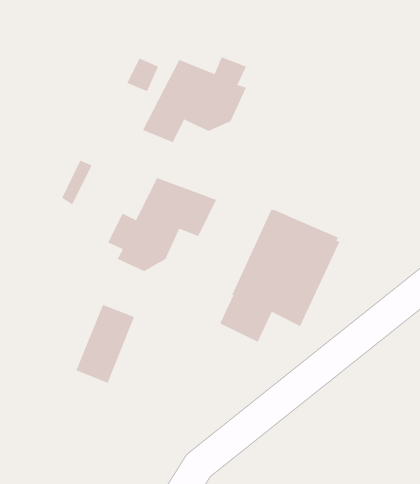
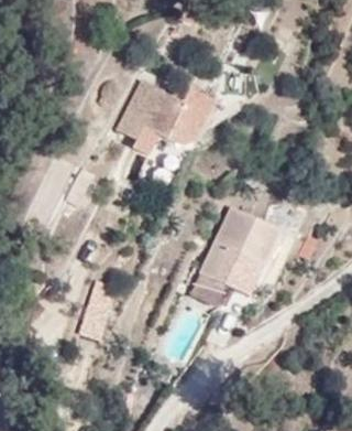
building: [107,177,217,272] -> none

